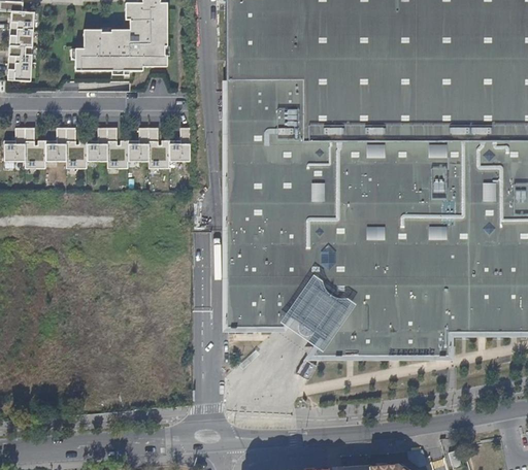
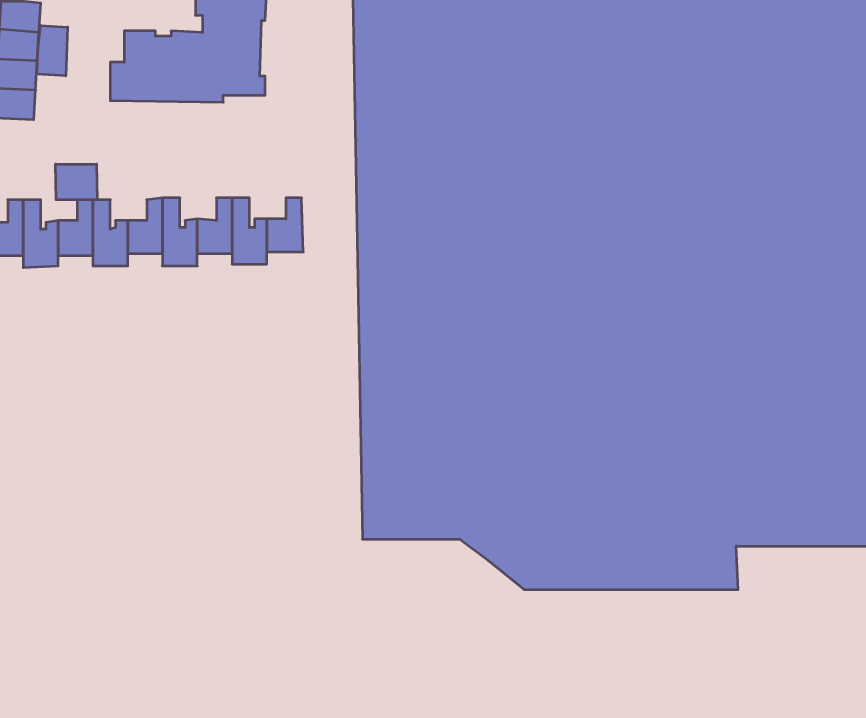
building: none -> [37,25,68,76]
building: none -> [56,164,97,200]

